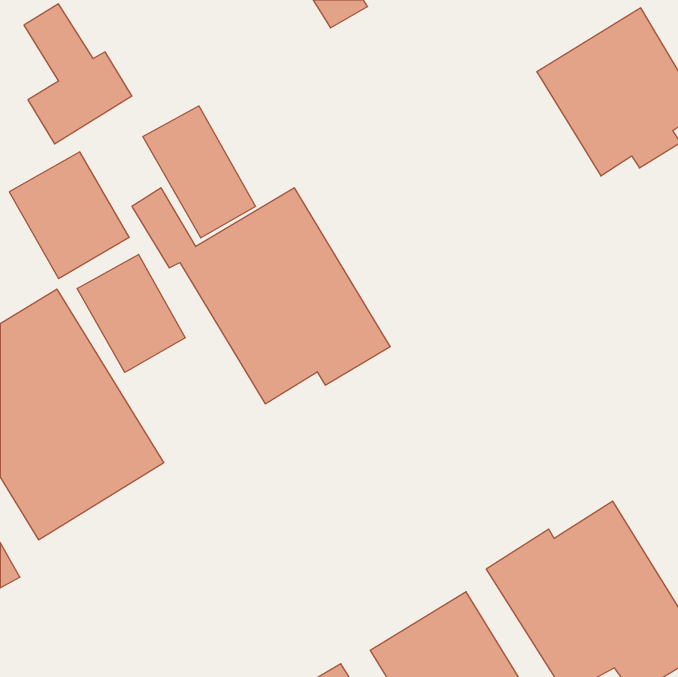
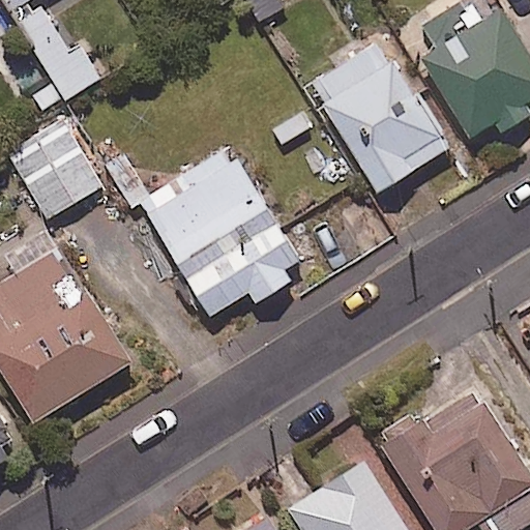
building: none -> [307,35,449,193]
building: [143,106,256,238] -> none
building: [77,254,185,372] -> none

